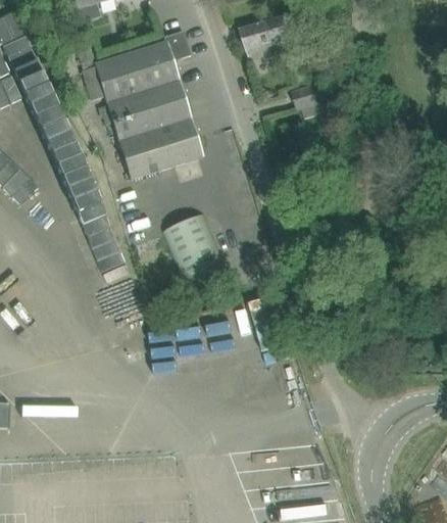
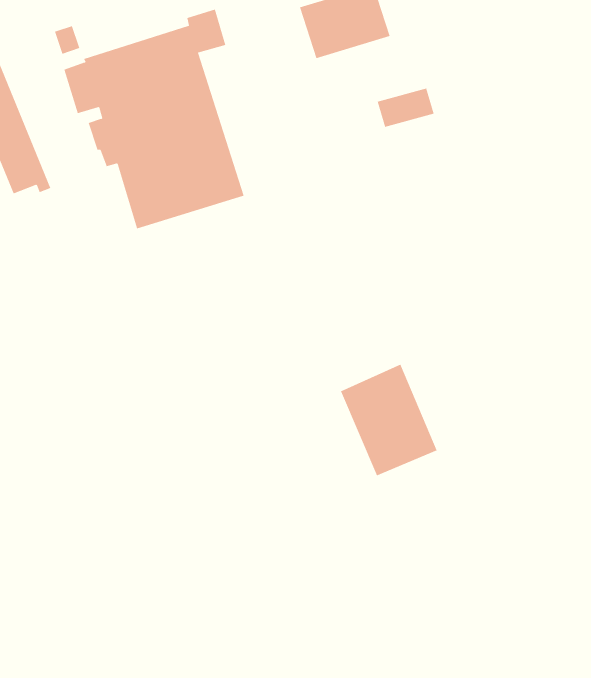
building: [69,160,126,277] -> none
building: [162,212,228,288] -> [340,364,437,476]

